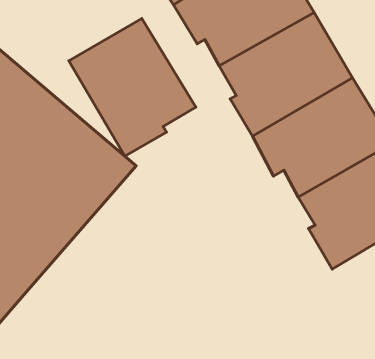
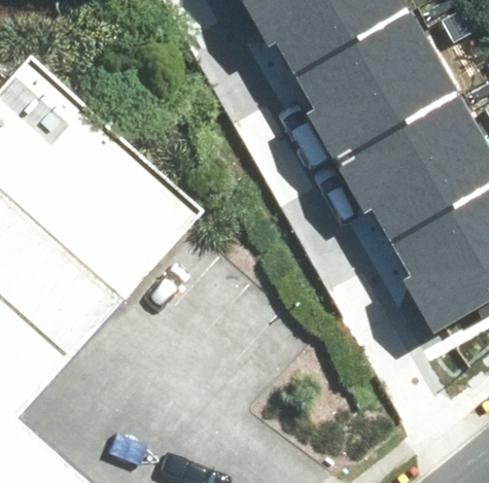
building: [69,18,196,156] -> none

